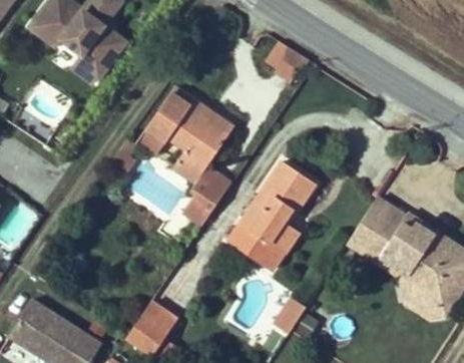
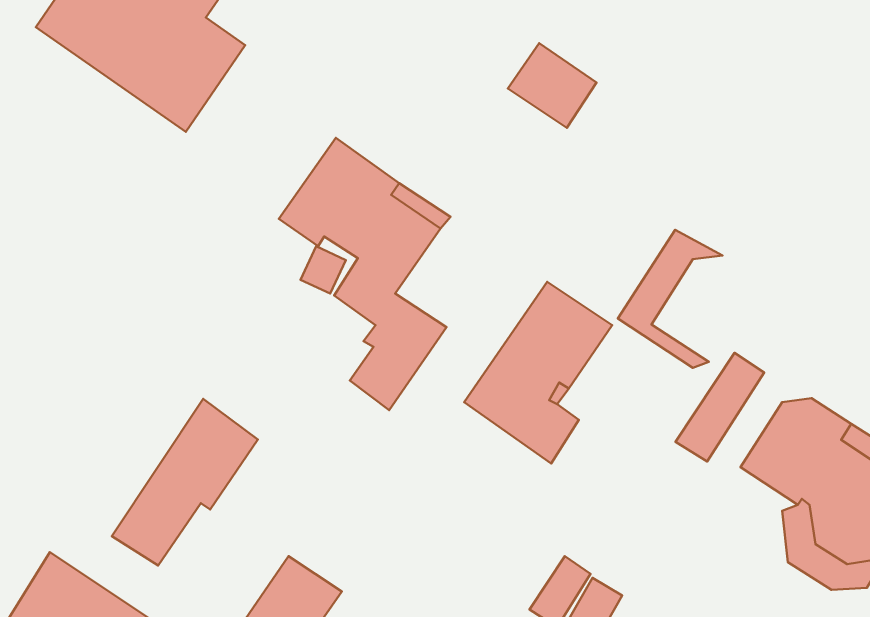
building: [364,207,417,277] -> [618,230,723,368]
building: none -> [112,399,258,566]
building: [228,222,285,270] -> none

